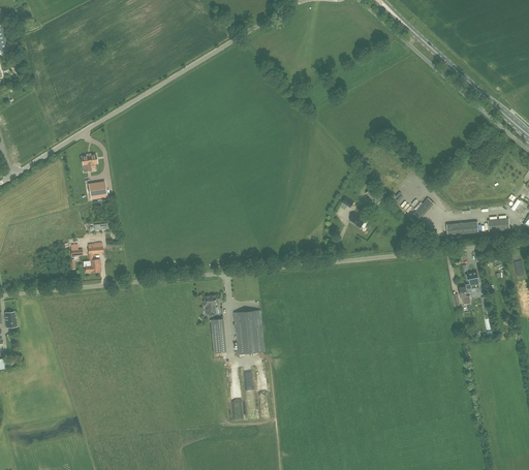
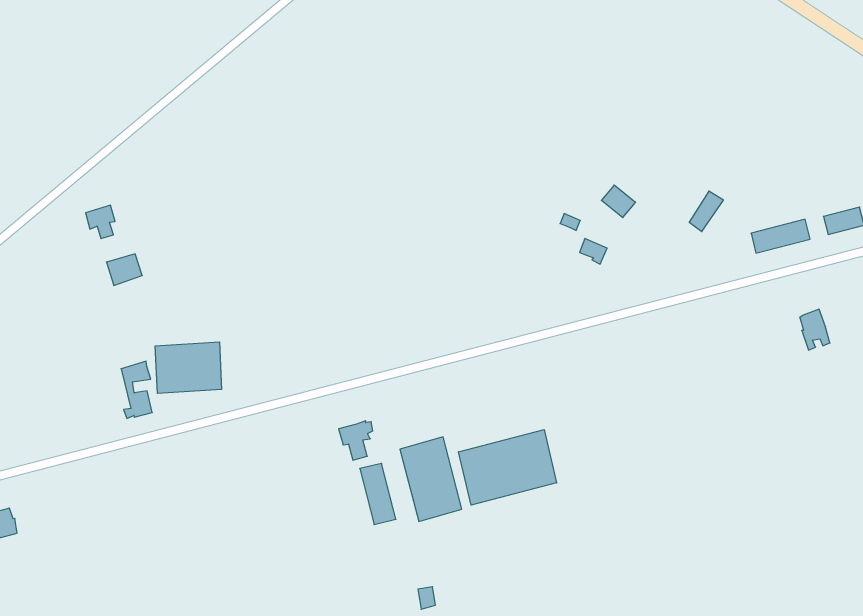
building: none -> [155,342,222,393]
building: none -> [459,430,557,505]

